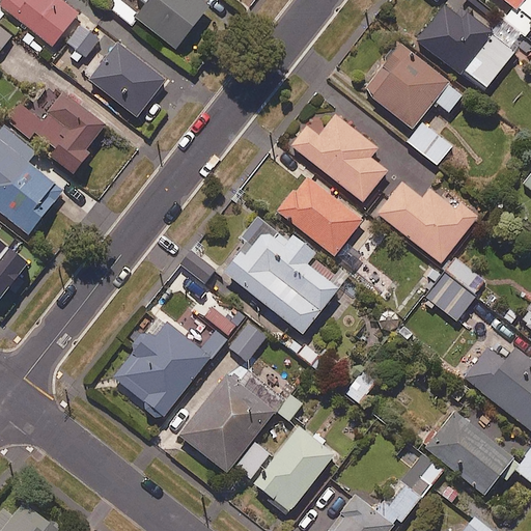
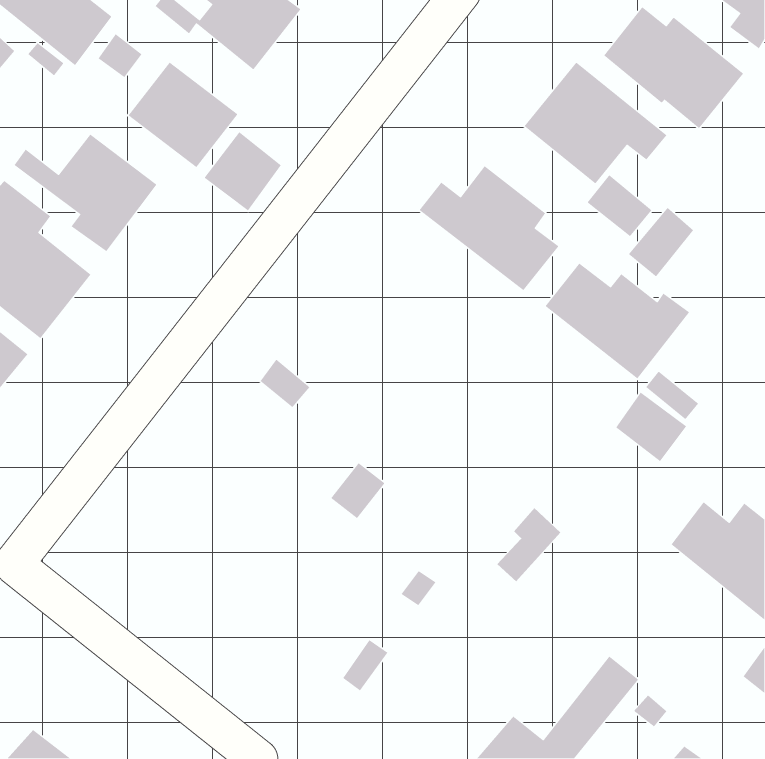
building: none -> [204,131,282,212]
building: none -> [628,207,694,277]
building: [278,175,362,255] -> none
building: [221,216,337,335] -> none
building: [112,317,226,417] -> none
building: [178,368,285,473] -> none
building: [424,411,513,495] -> none
building: [253,426,334,512] -> none

